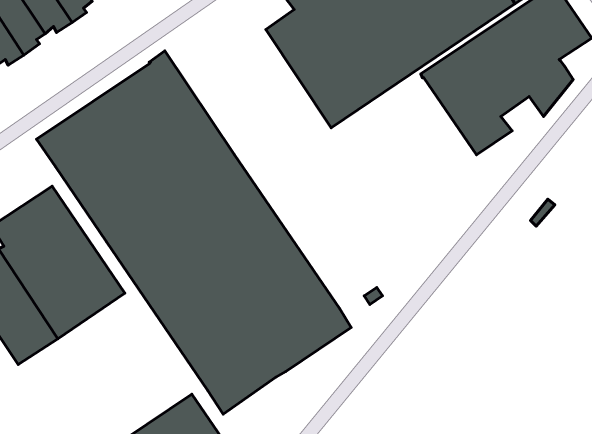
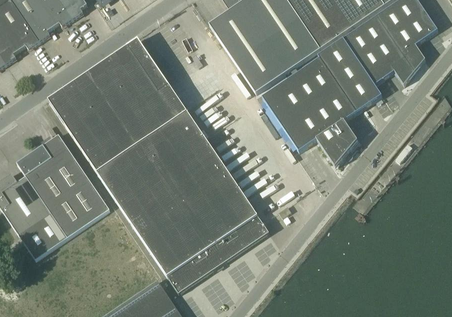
building: none -> [262,57,358,166]

